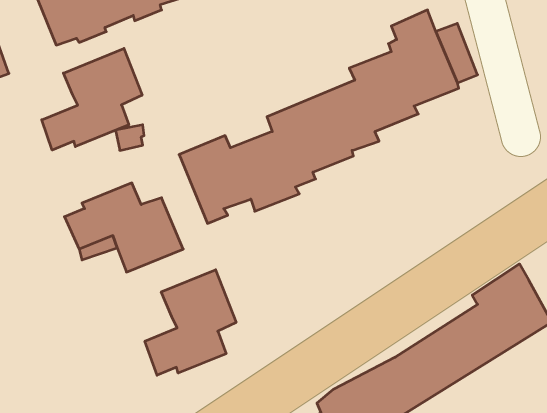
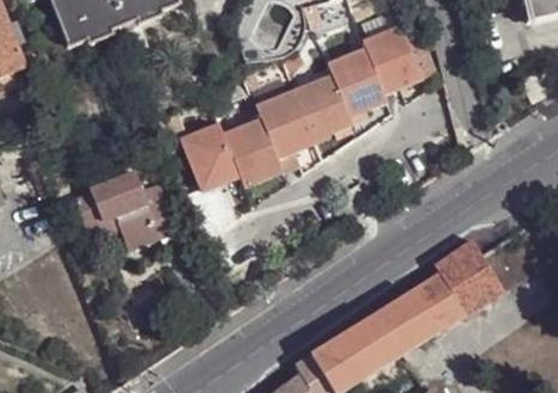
building: [42,48,142,150] -> none
building: [145,270,236,375] -> none

